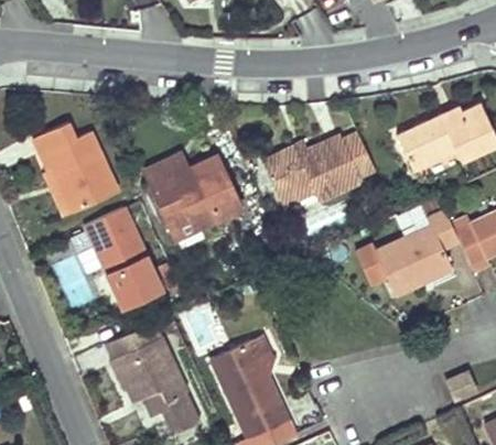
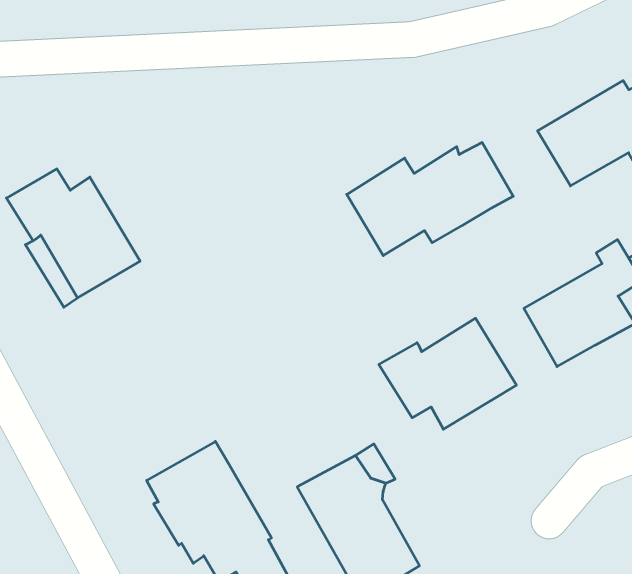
building: [143,158,240,240] -> none
building: [85,208,162,308] -> none
building: none -> [379,318,516,429]

